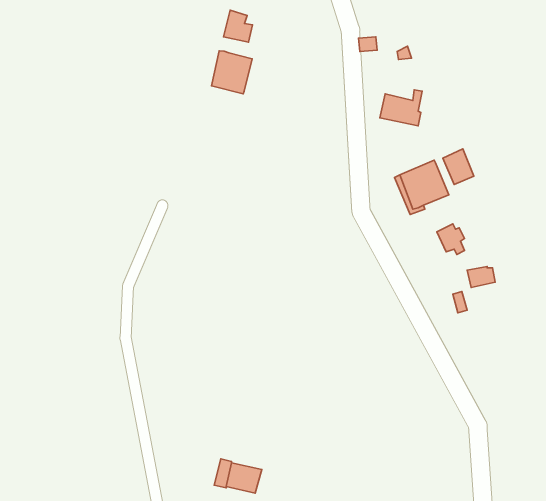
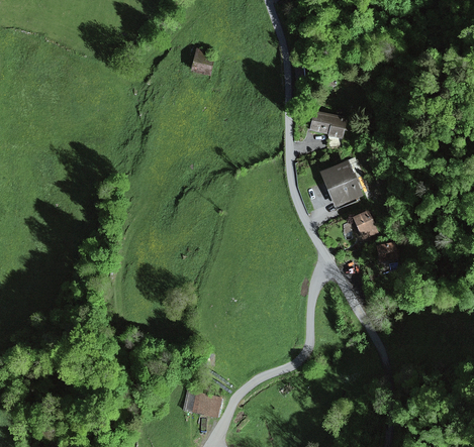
building: [211,51,252,94] -> none
building: [443,149,474,185] -> none

